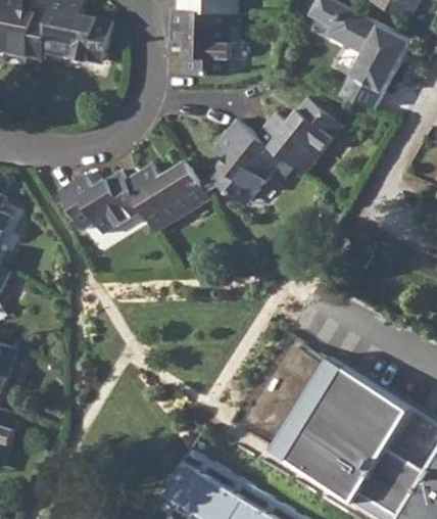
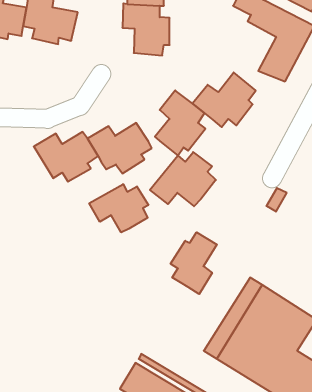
building: none -> [150,152,216,206]
building: none -> [89,184,148,232]
building: none -> [171,232,217,294]

